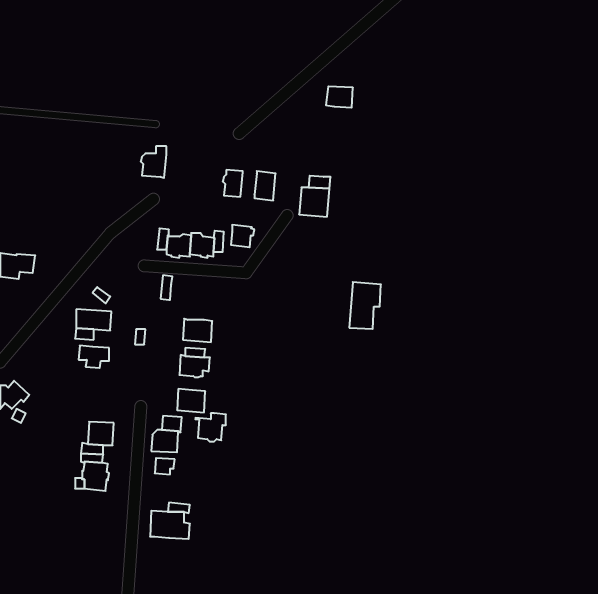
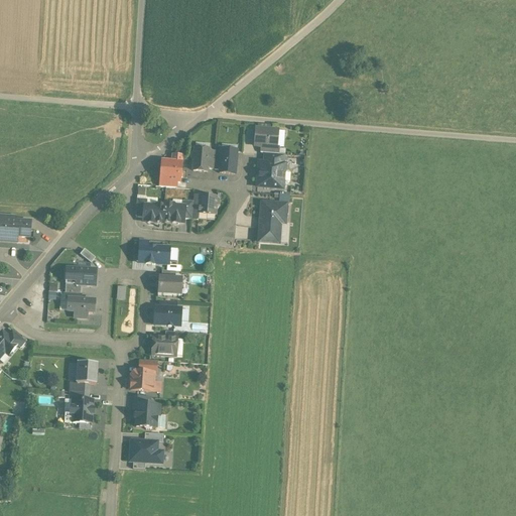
building: [326,86,353,108] -> [255,127,278,145]
building: [141,146,166,178] -> [160,153,182,180]
building: [349,282,381,329] -> [259,201,286,241]
building: none -> [145,245,170,262]
building: [195,413,226,441] -> [134,403,160,427]

